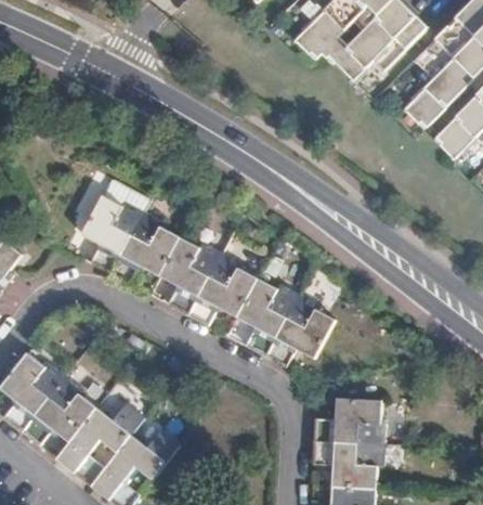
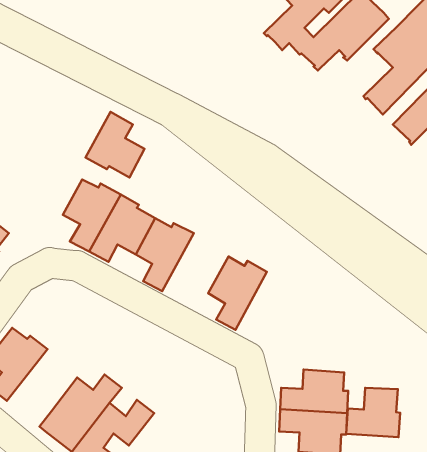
building: none -> [86,112,144,177]
building: [187,253,258,325] -> none
building: [265,294,336,367] -> none
building: [22,376,96,445] -> none
building: none -> [346,388,400,437]

